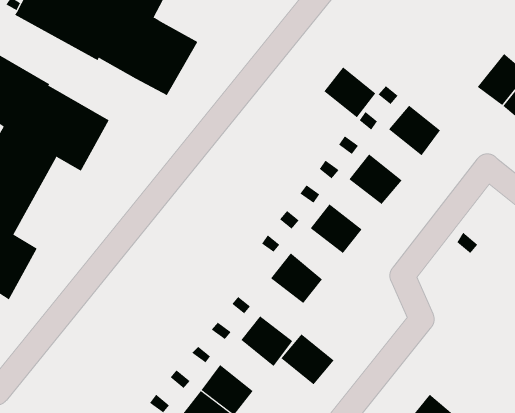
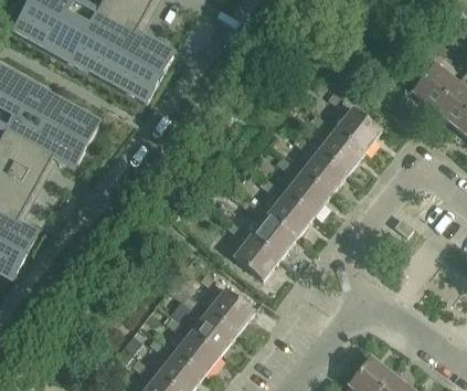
building: [324,67,376,118] -> [319,128,364,172]
building: none -> [285,171,330,214]
building: none -> [252,213,297,257]
building: [281,334,335,385] -> [191,309,237,353]

